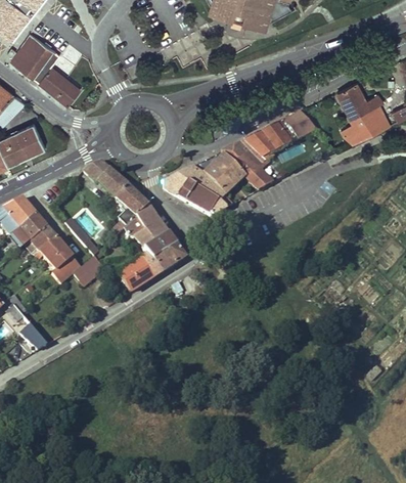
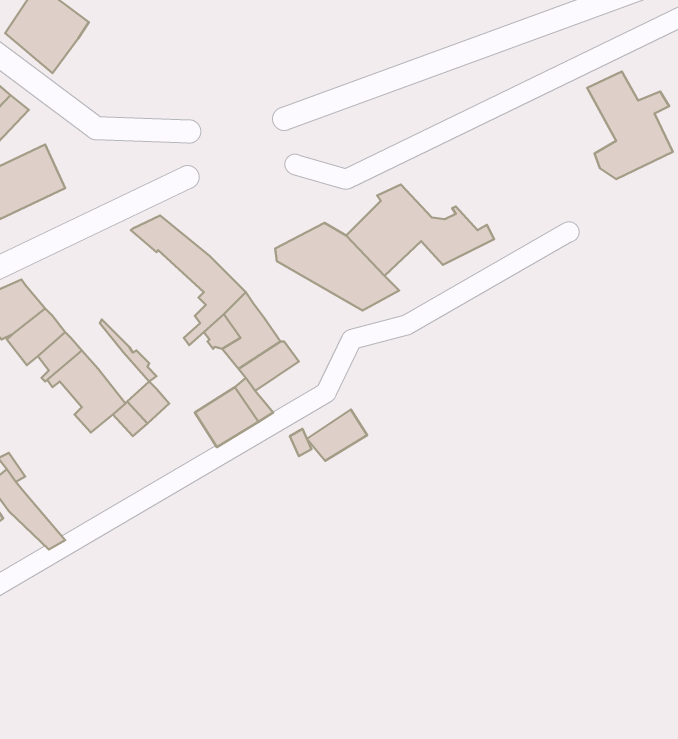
building: [38,62,82,103] -> none
building: [233,109,316,164] -> none
building: [151,244,185,272] -> [307,410,367,461]

